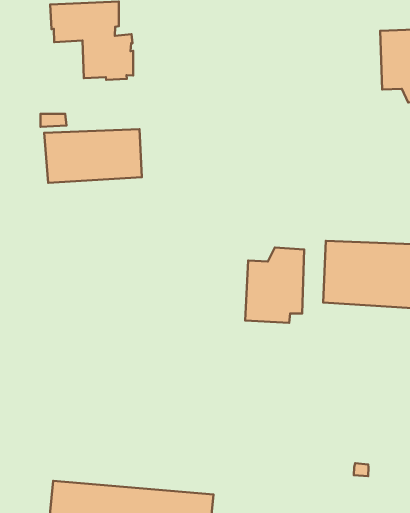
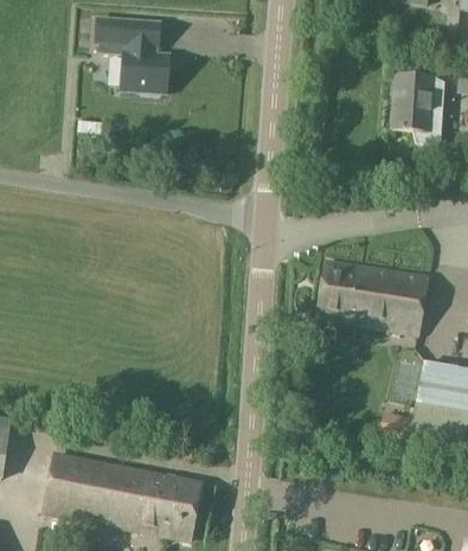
building: [44,129,142,183] -> none
building: [245,248,304,323] -> none

